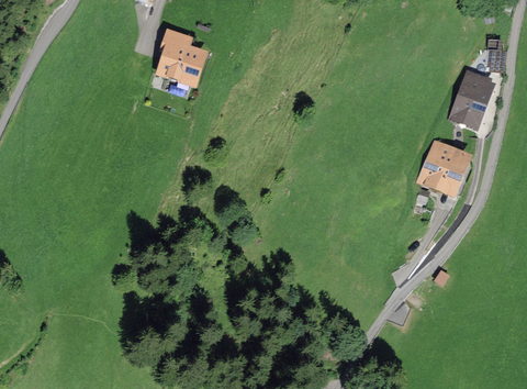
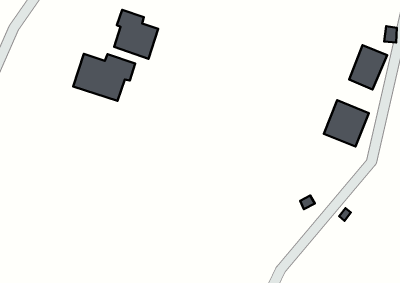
building: none -> [73,54,135,101]

